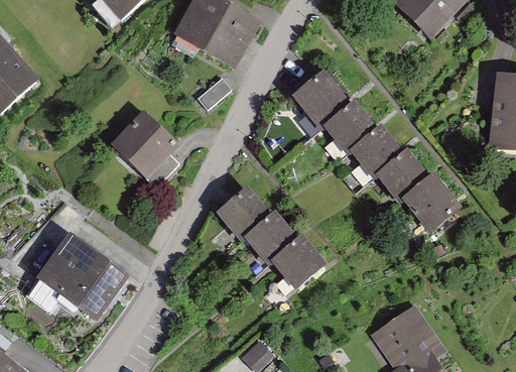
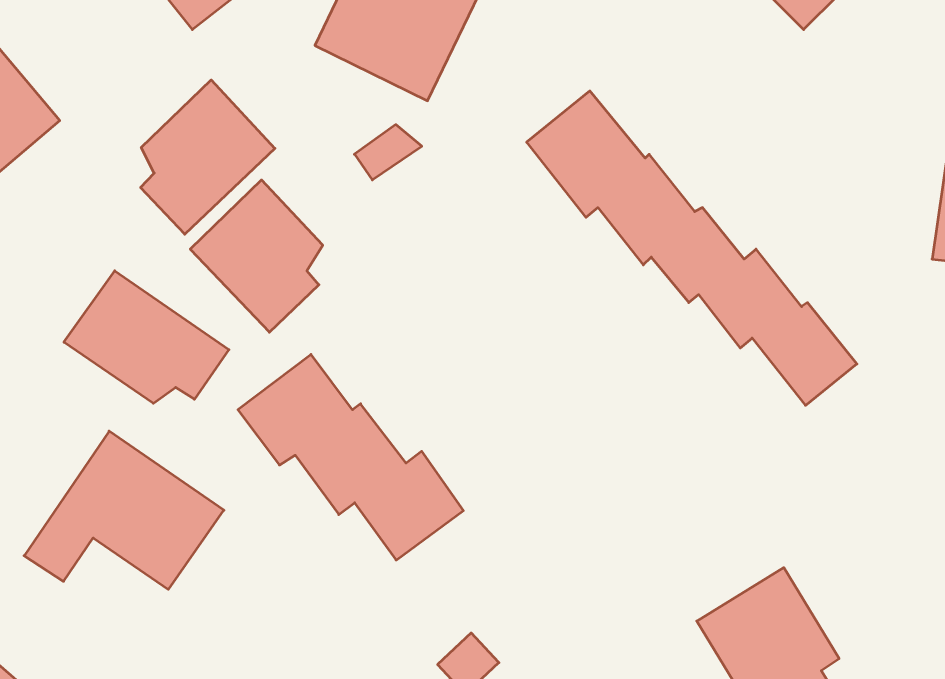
building: none -> [141,80,275,234]
building: none -> [64,271,229,403]
building: [216,185,331,290] -> [238,354,463,560]

